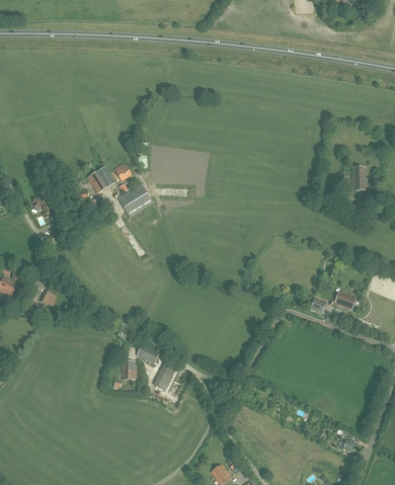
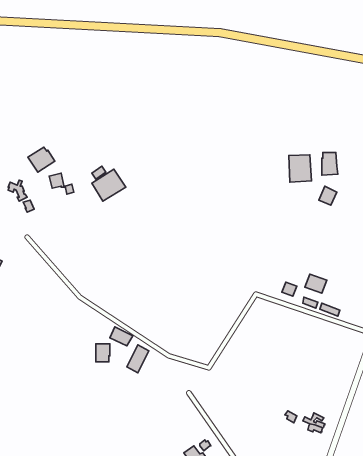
building: [87,167,114,192] -> [28,147,55,172]
building: none -> [289,155,312,182]

